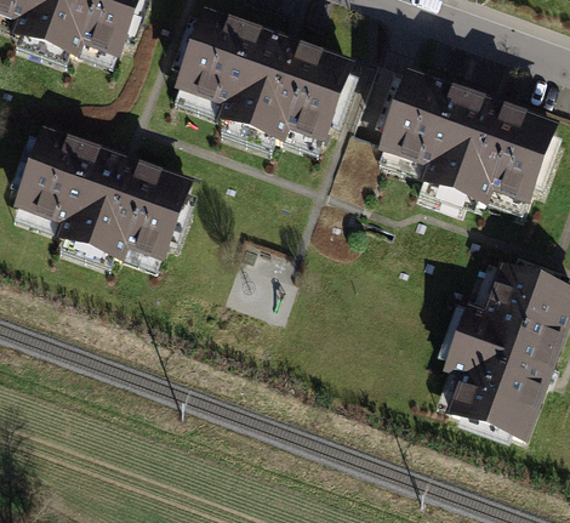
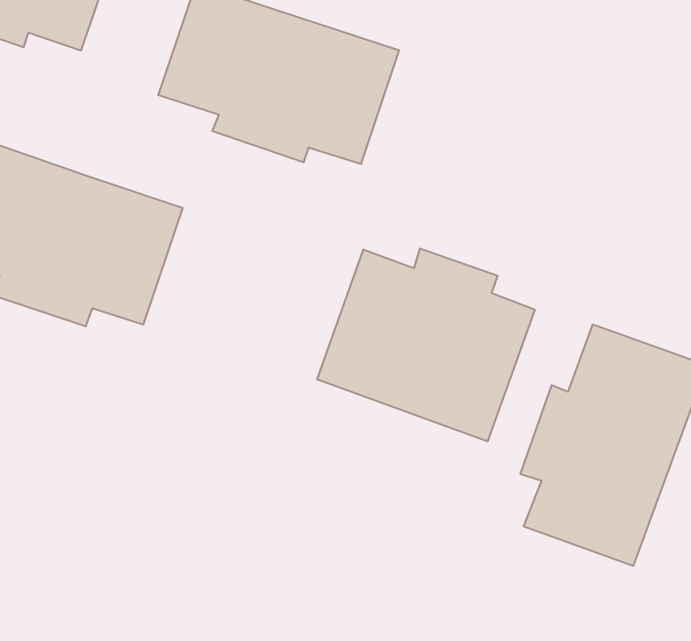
building: [378,69,555,204] -> none
building: none -> [317,248,535,441]

